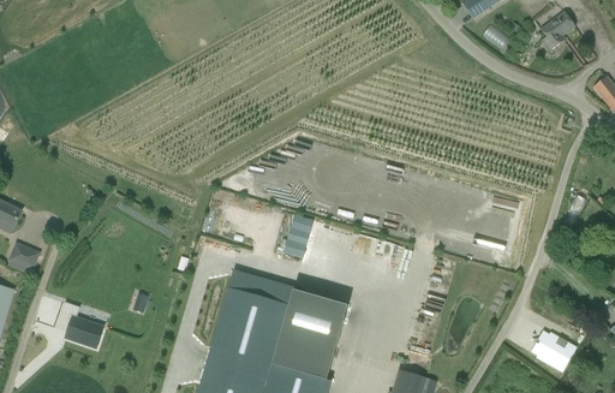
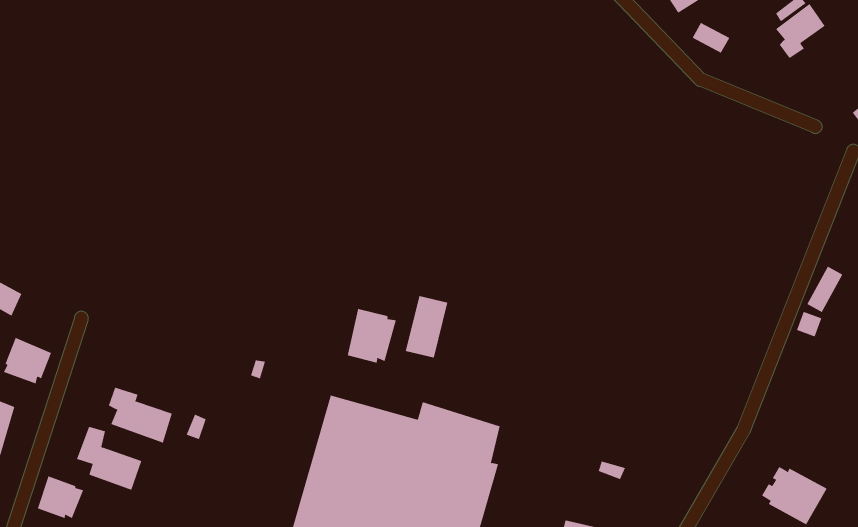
building: none -> [347,308,397,363]
building: none -> [108,387,173,444]
building: none -> [37,476,84,519]

